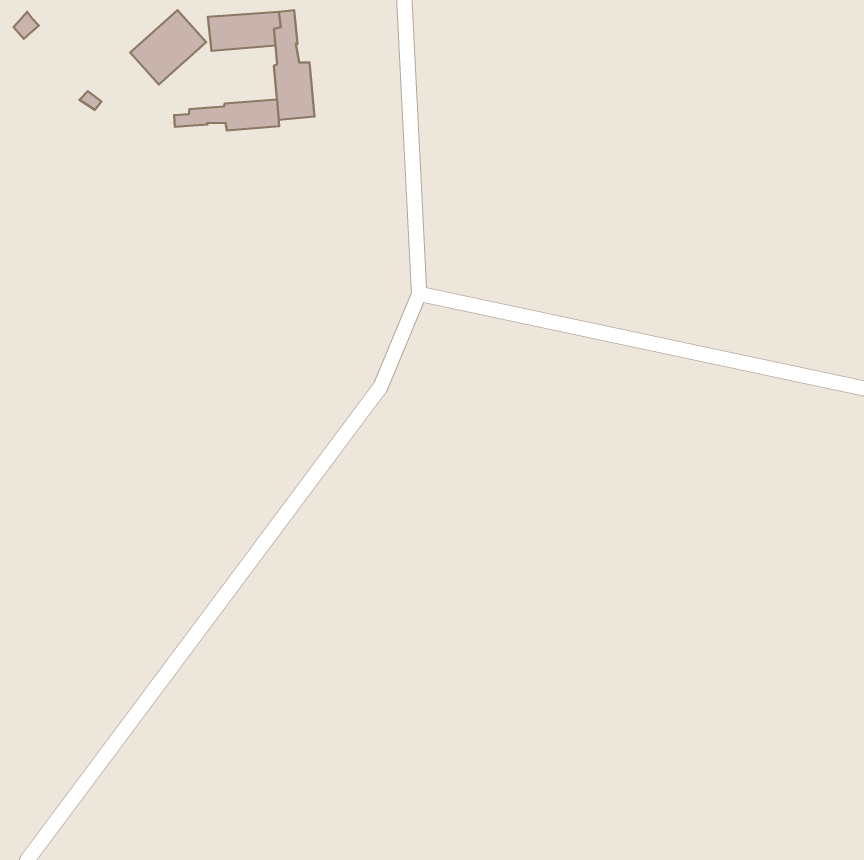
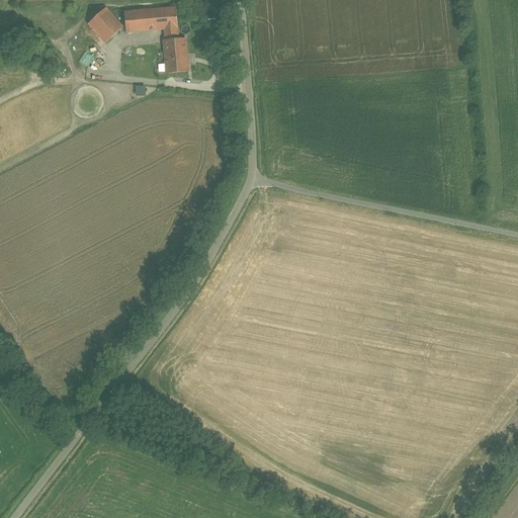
building: [174,99,279,130] -> none

